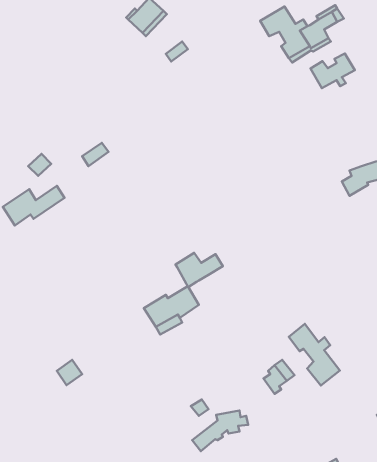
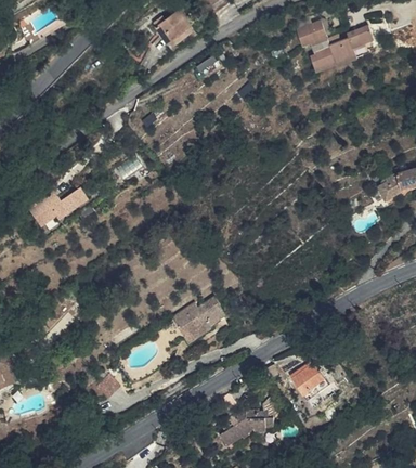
building: [310,53,355,88] -> none
building: [176,253,223,287] -> none
building: [289,324,340,386] -> none

